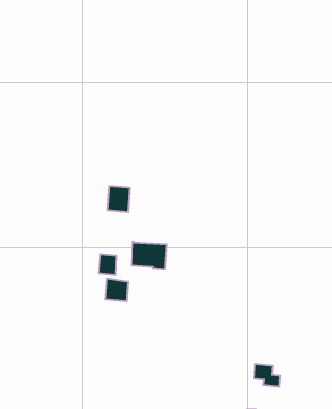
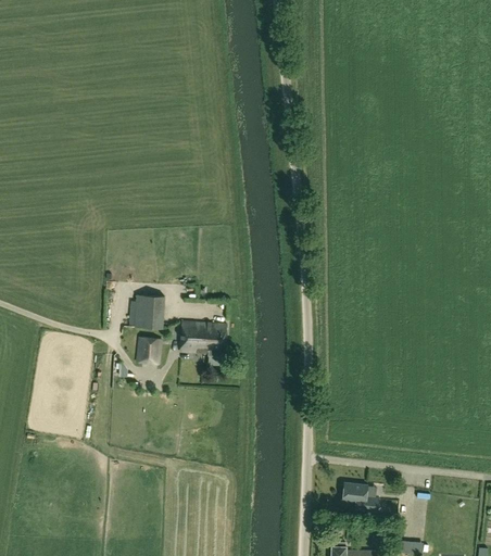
building: [108,186,130,212] -> [135,294,164,328]
building: [105,279,128,301] -> none

